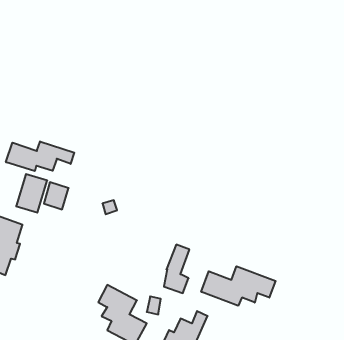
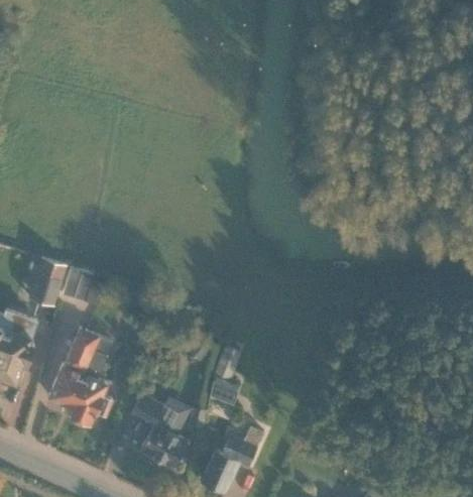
building: [6,141,74,171] -> none
building: none -> [47,329,111,423]
building: [201,266,276,306] -> none

